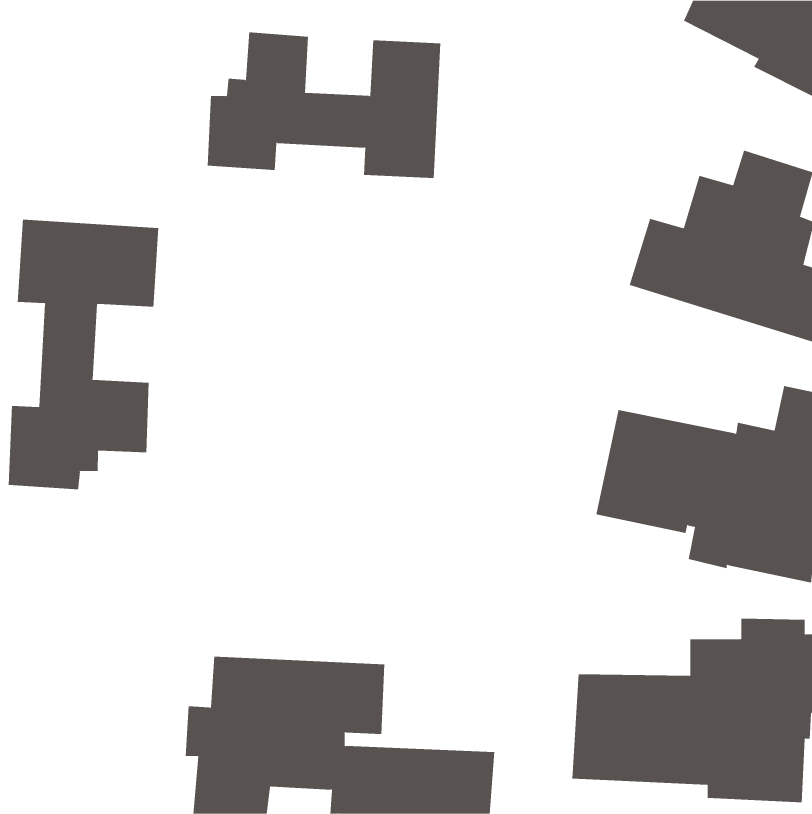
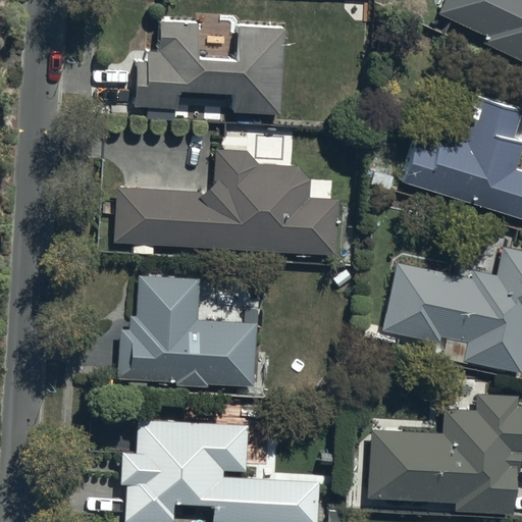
building: [8,219,159,490] -> none
building: none -> [116,149,340,255]
building: none -> [118,275,259,387]

